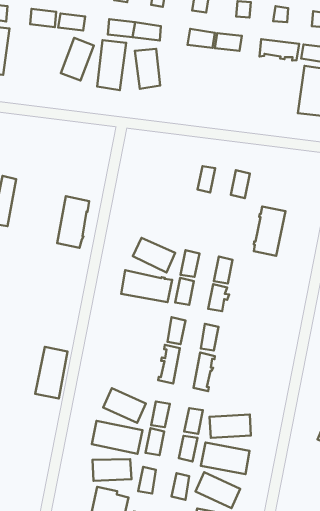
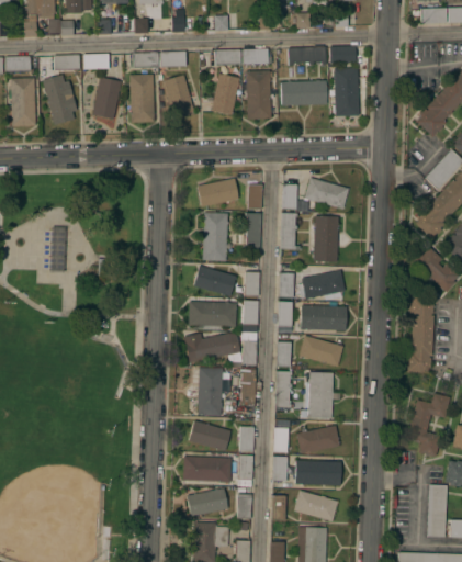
building: none -> [44,78,74,121]
building: none -> [212,74,239,115]
building: none -> [246,70,271,119]
building: none -> [281,80,327,105]
building: none -> [198,178,239,206]
building: none -> [304,177,349,209]
building: none -> [245,213,261,250]
building: [57,196,89,248] -> [203,212,228,261]
building: none -> [280,213,301,250]
building: none -> [302,270,346,300]
building: none -> [301,305,347,330]
building: none -> [184,333,240,362]
building: none -> [298,335,343,367]
building: [35,347,67,399] -> [198,367,223,416]
building: none -> [308,372,334,418]

